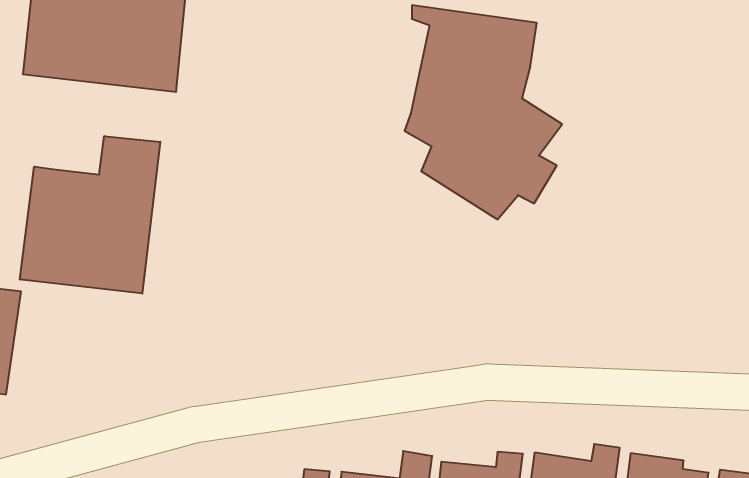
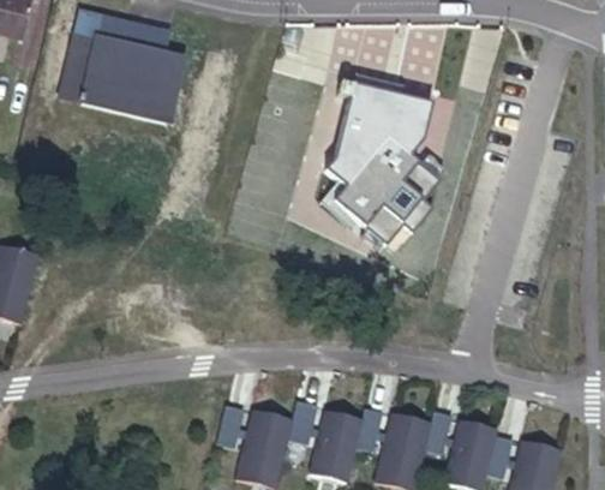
building: [20,136,160,294] -> none

